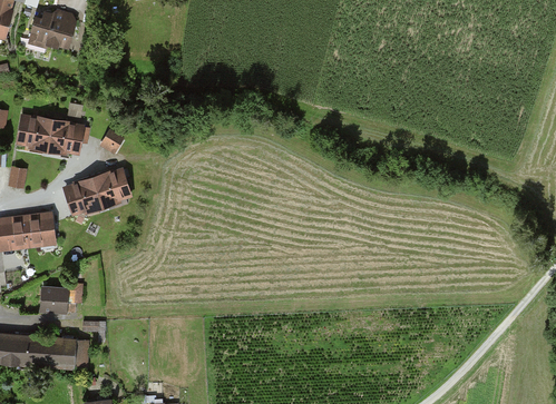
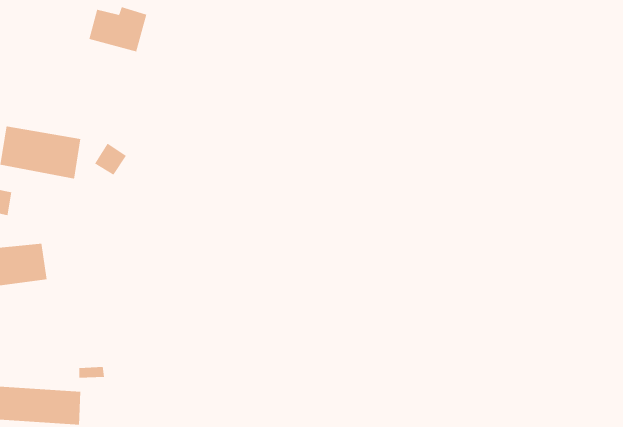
building: [29,11,79,50] -> [89,7,147,52]
building: [62,168,131,216] -> none
building: [39,288,68,314] -> none

